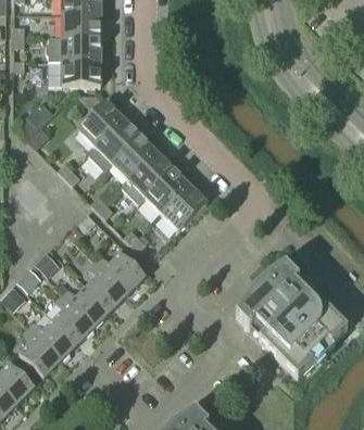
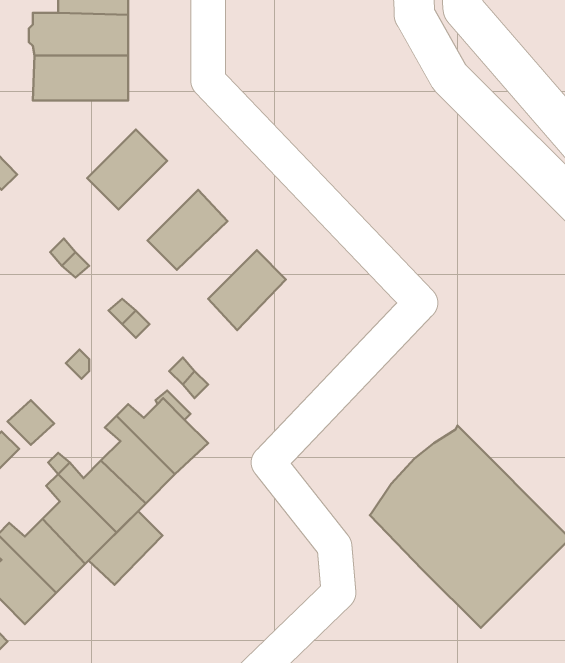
building: [88,118,140,170] -> none
building: [122,152,173,203] -> none
building: [162,185,206,230] -> none
building: none -> [88,511,162,585]

